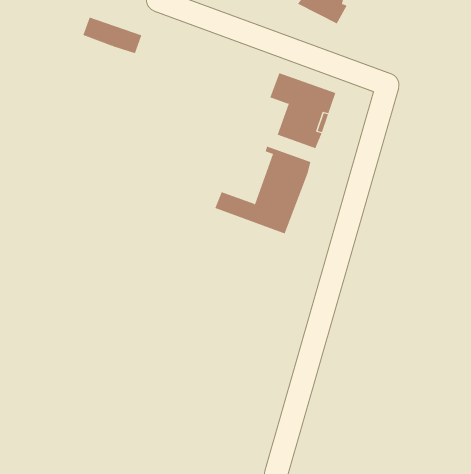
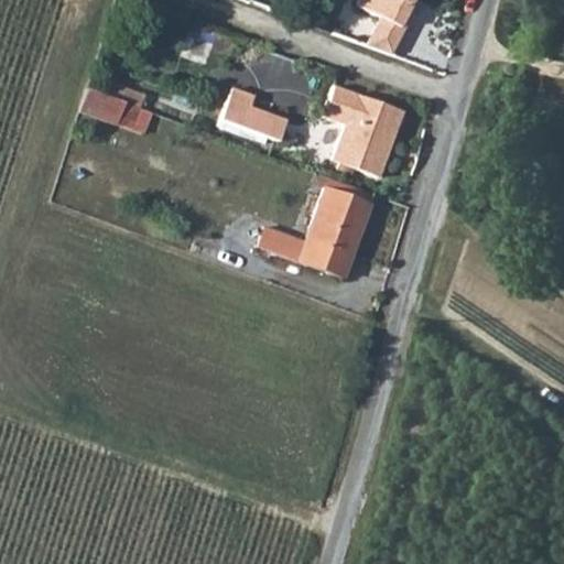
building: [83,17,142,54] -> [82,88,152,132]
building: none -> [221,87,288,140]

